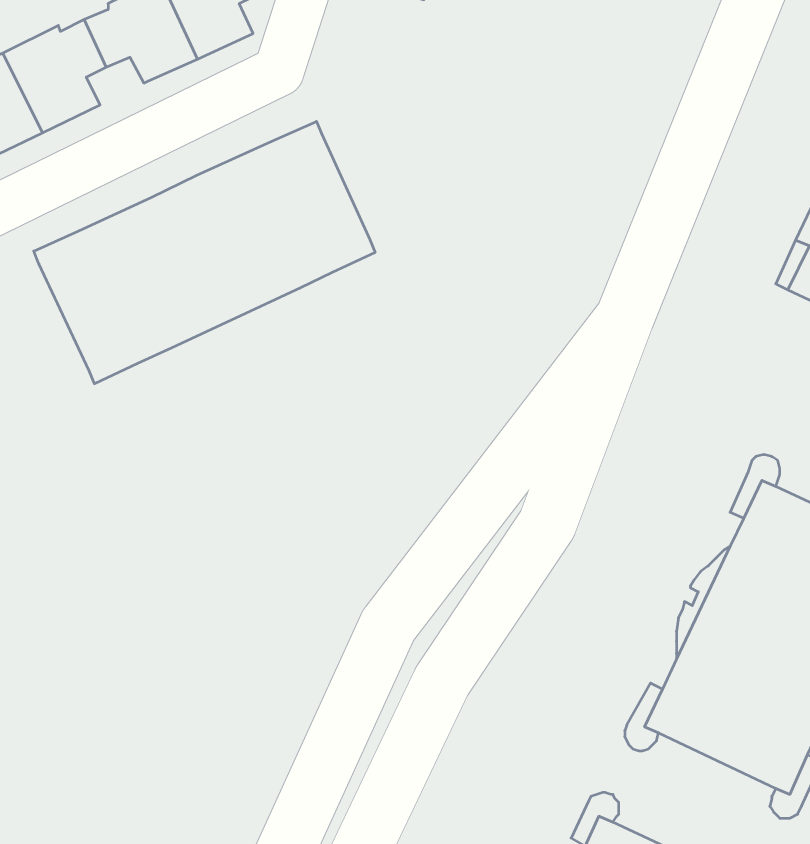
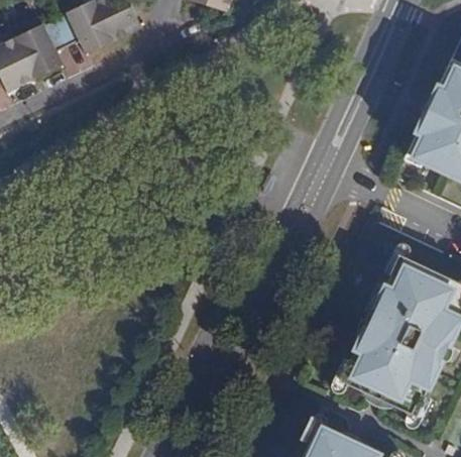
building: [34,121,375,384] -> none

